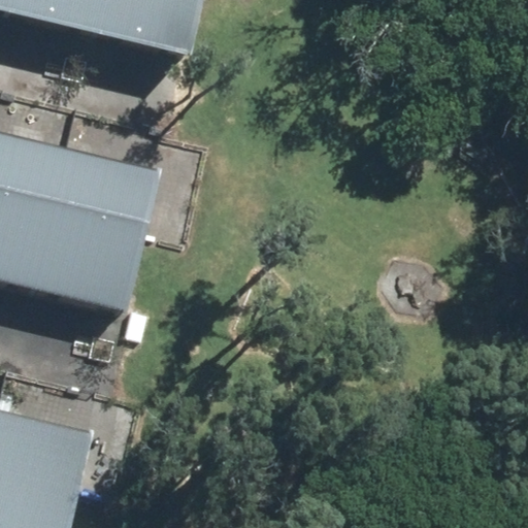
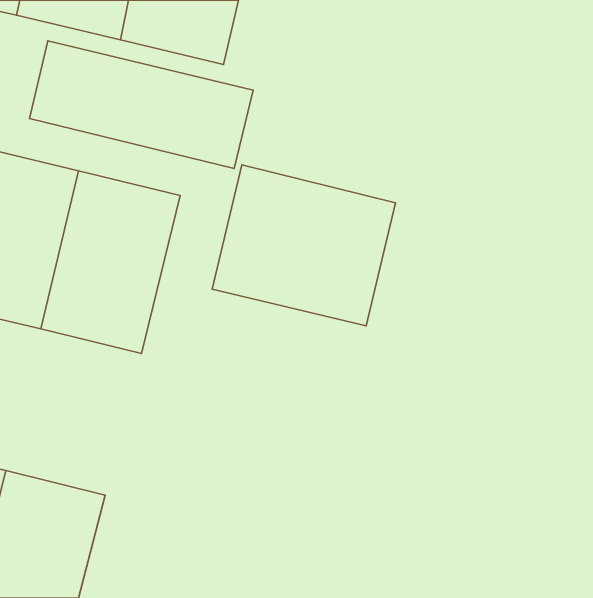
building: none -> [30,41,253,169]
building: none -> [212,165,396,326]

